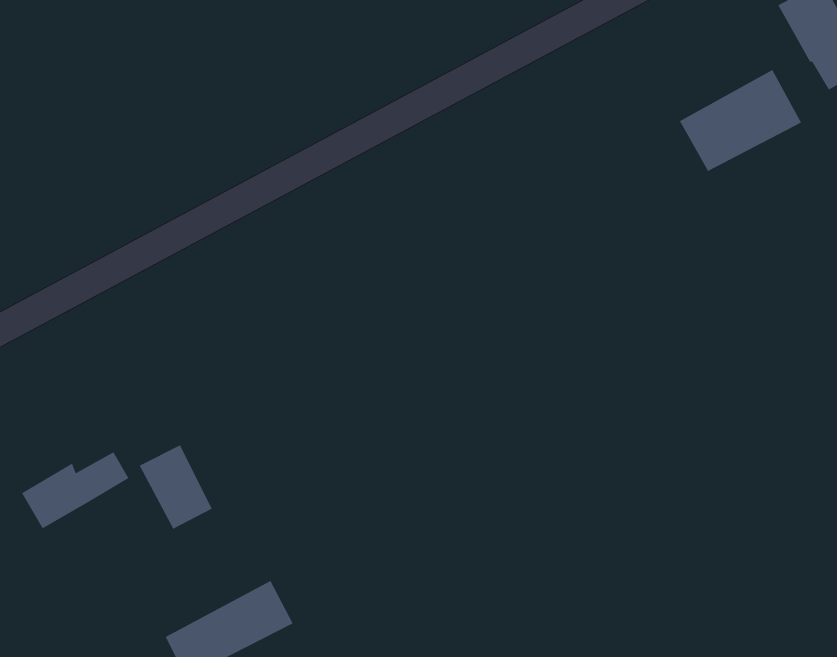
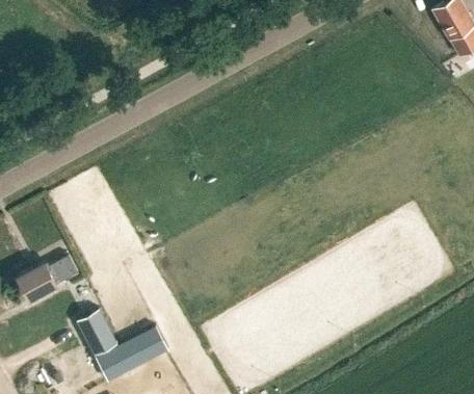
building: [679,69,802,172] -> none
building: [139,445,212,530] -> [75,309,115,356]

